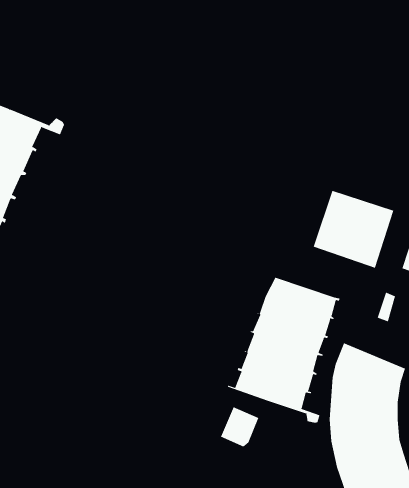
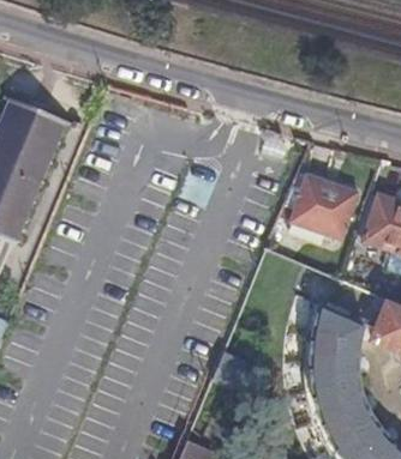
building: [227,277,341,424] -> none

